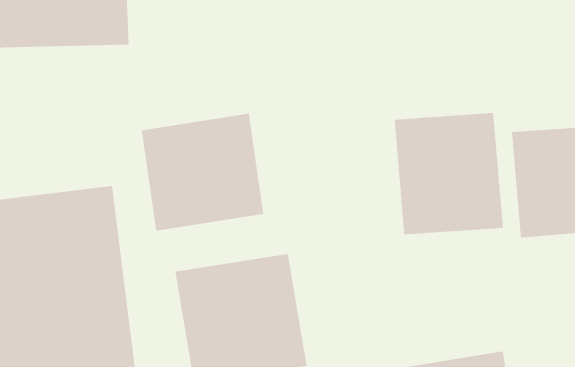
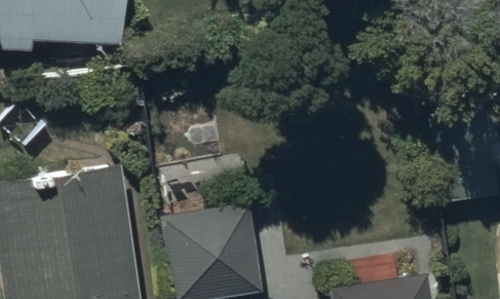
building: [394,112,503,235] -> none
building: [141,113,264,231] -> none

